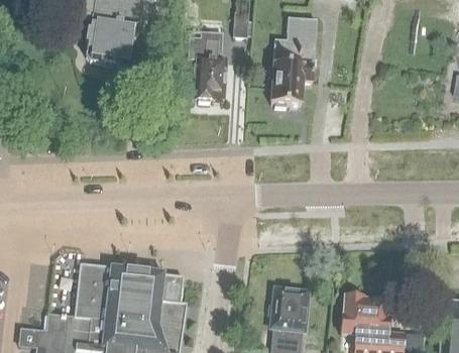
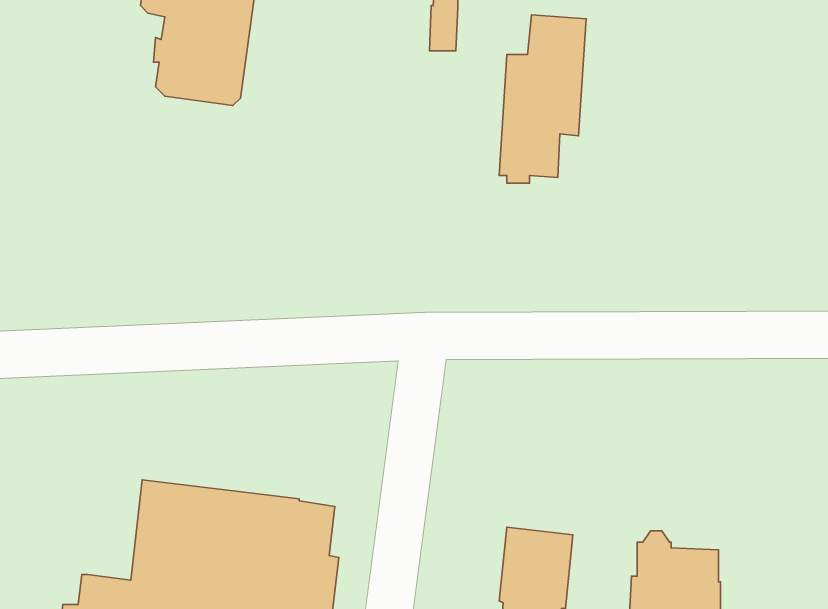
building: [188,27,225,100] -> none

